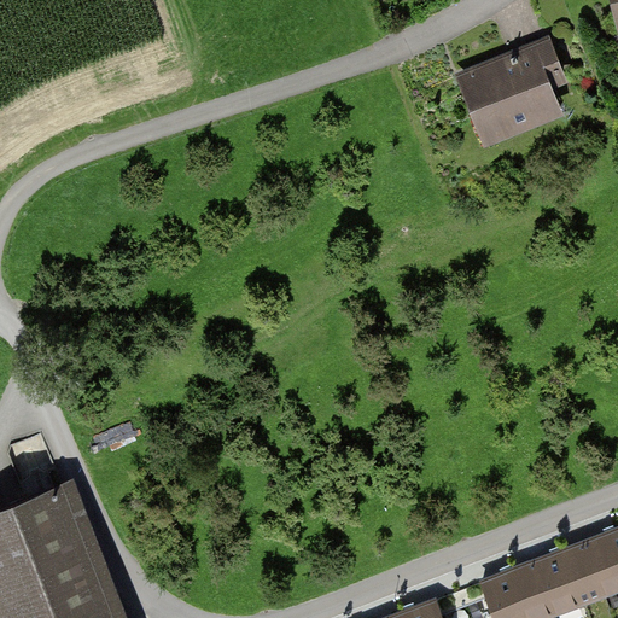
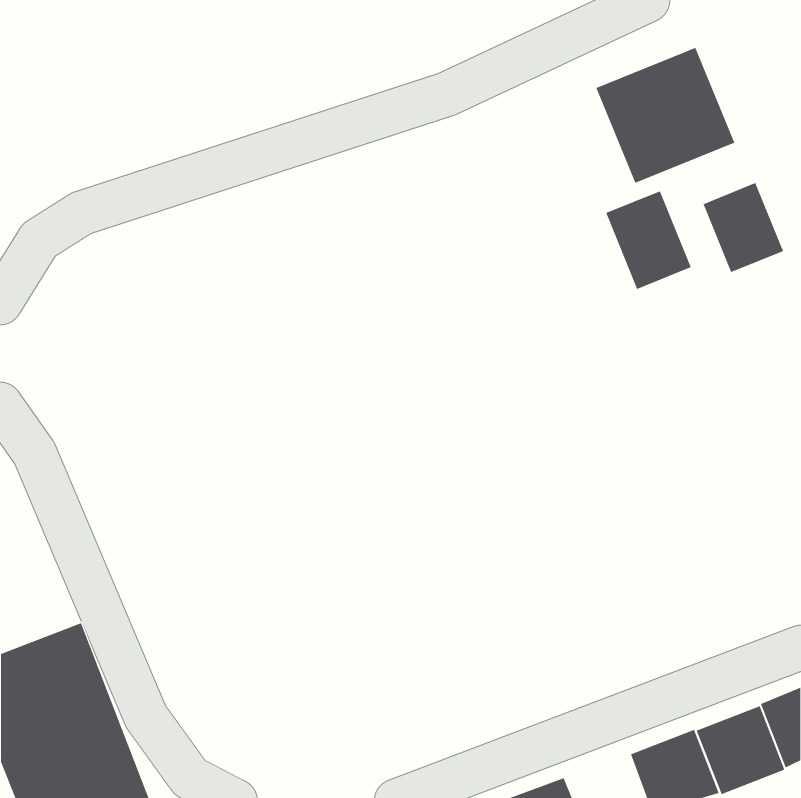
building: none -> [703,182,784,273]
building: none -> [606,191,691,290]

